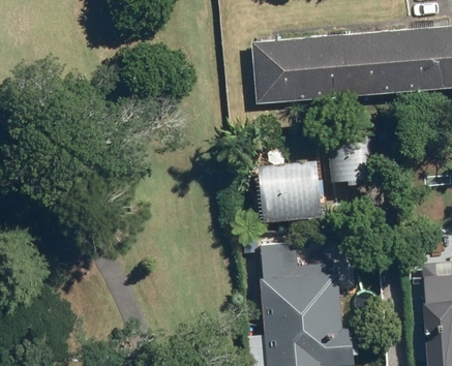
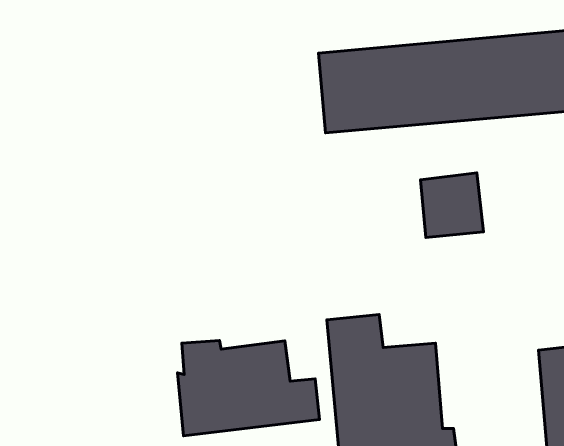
building: [260,160,327,220] -> none
building: none -> [178,341,319,436]

